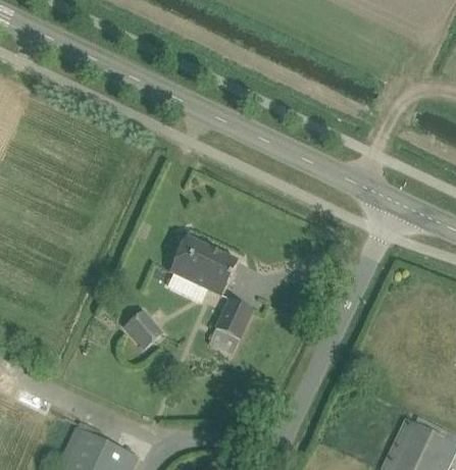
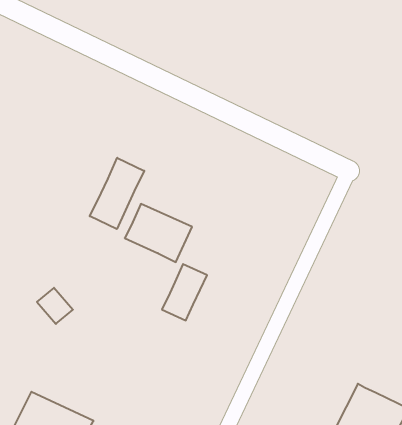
building: none -> [90,158,144,229]
building: [124,311,161,348] -> [37,288,73,324]

